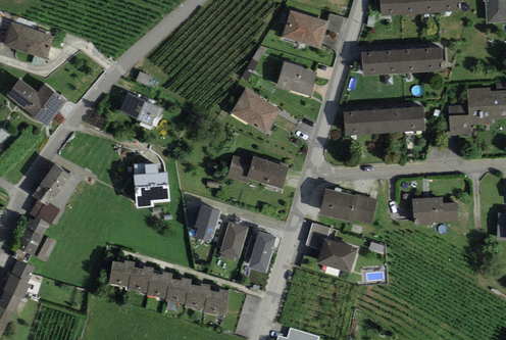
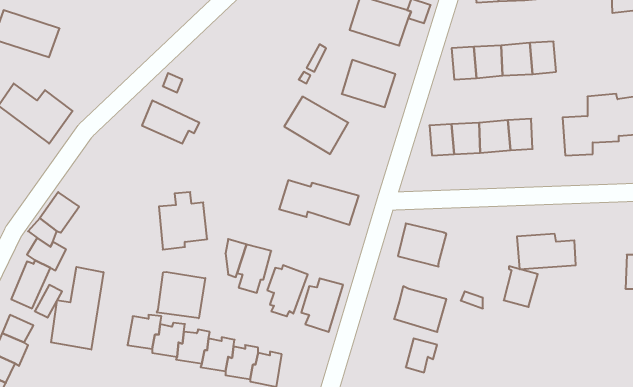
building: [351,193,377,225] -> [504,266,538,307]
building: none -> [51,267,103,350]
building: [306,223,331,249] -> [406,338,437,372]
building: none -> [157,272,205,318]

